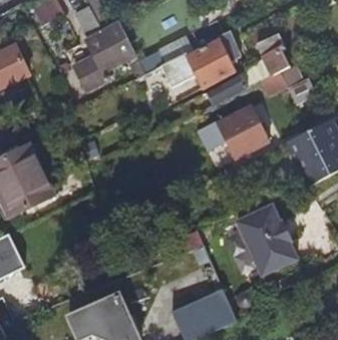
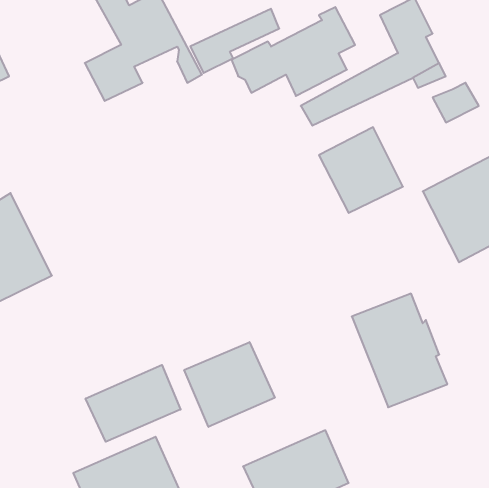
building: none -> [184,342,275,427]
building: none -> [86,365,181,442]

